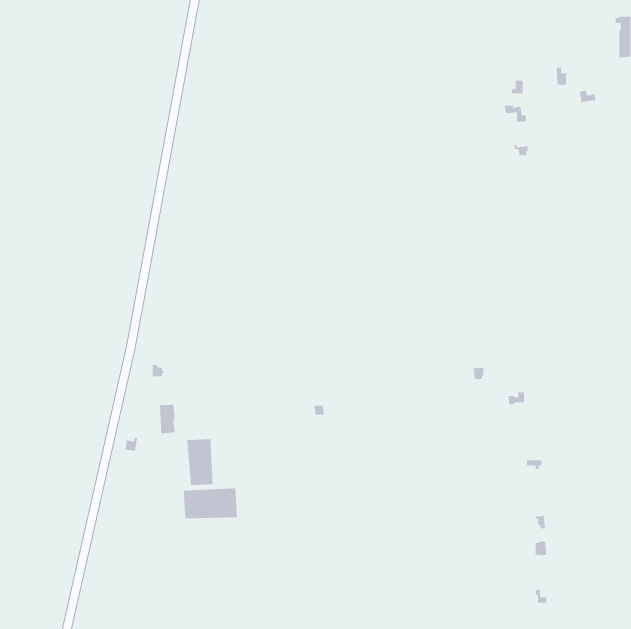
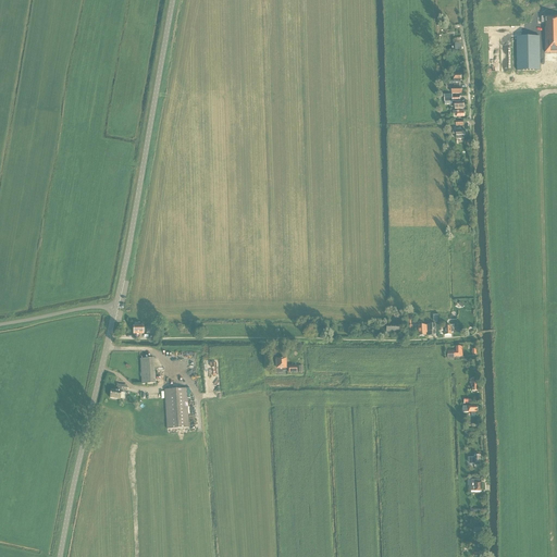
building: none -> [517,35,541,69]
building: [183,487,238,519] -> none

